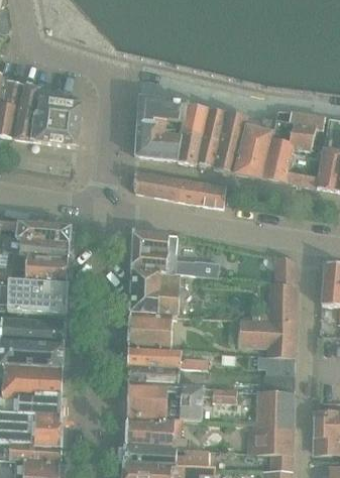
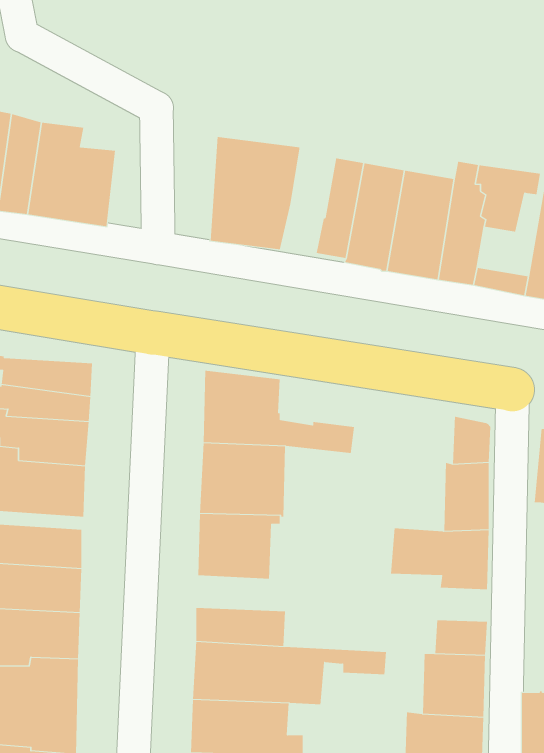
building: [176,104,207,165] -> none
building: [133,170,225,208] -> none
building: [127,347,208,369] -> none
building: [256,354,294,373] -> none

